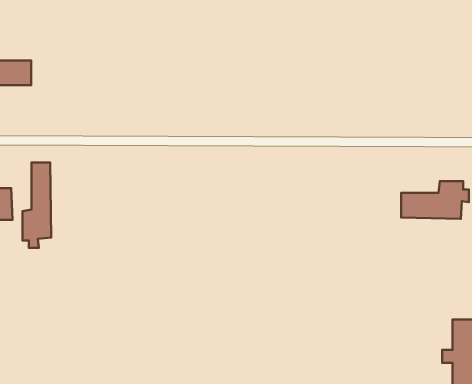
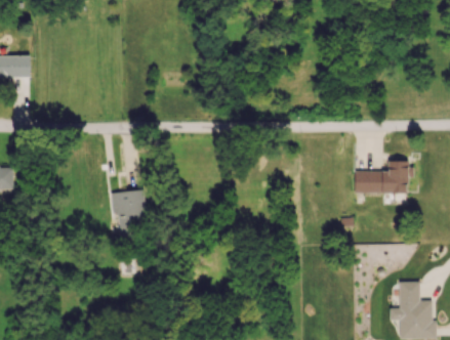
building: [23,163,51,248] -> none
building: none -> [111,190,147,230]

